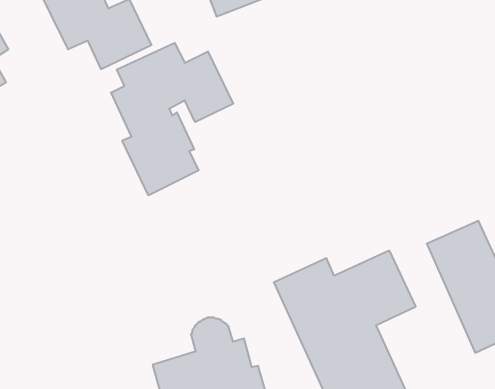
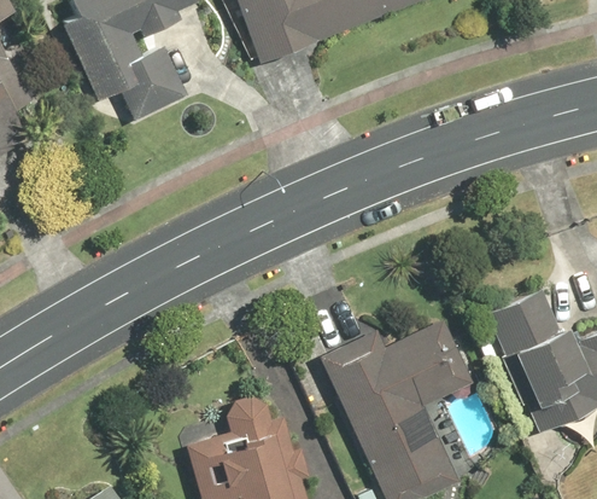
building: [111,43,233,195] -> none

